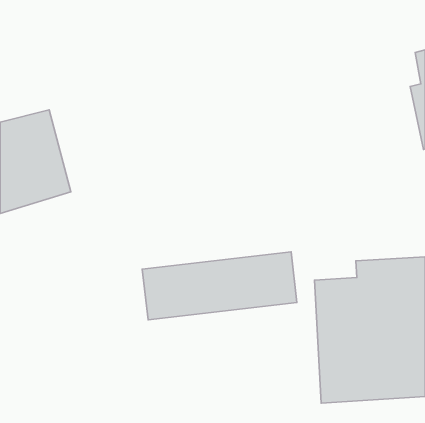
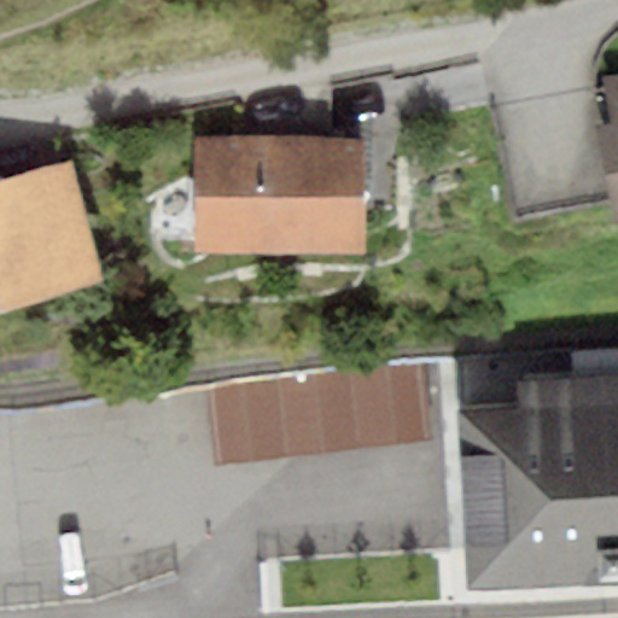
building: none -> [196,136,366,250]

